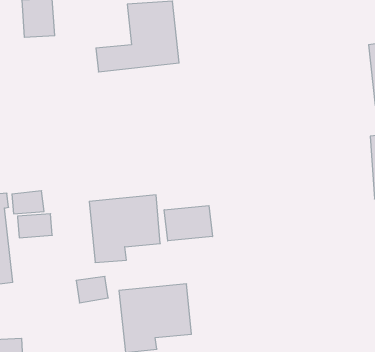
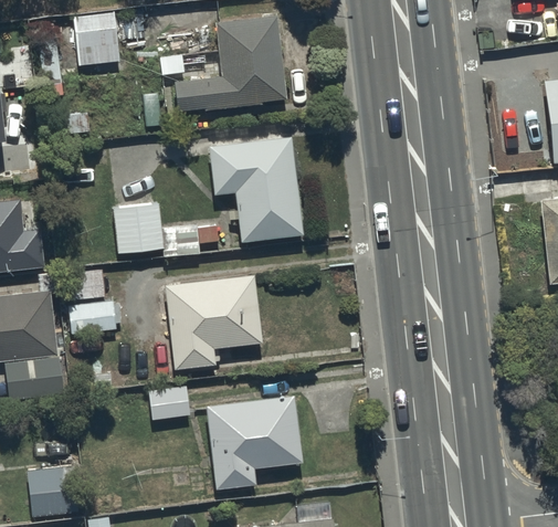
building: none -> [210,137,304,242]
building: none -> [113,204,220,257]
building: [164,206,212,241] -> none

